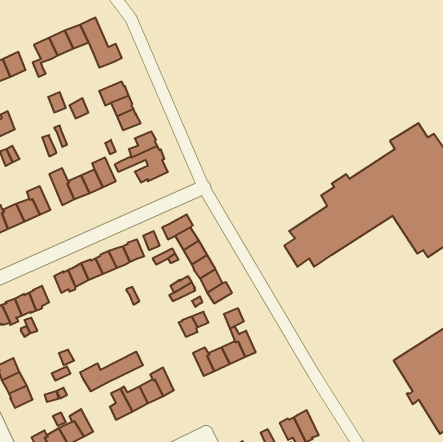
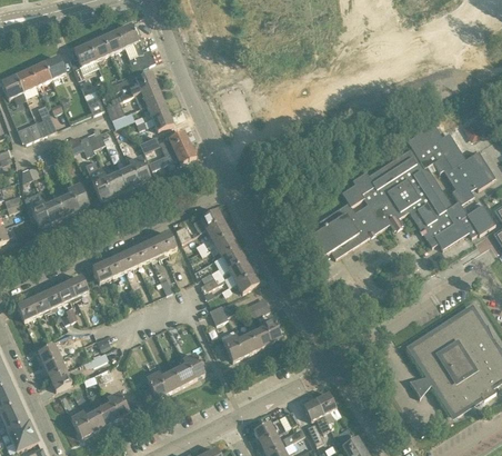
building: none -> [112,70,155,98]
building: [80,352,143,391] -> none

